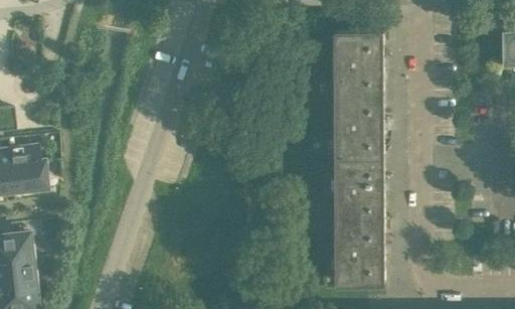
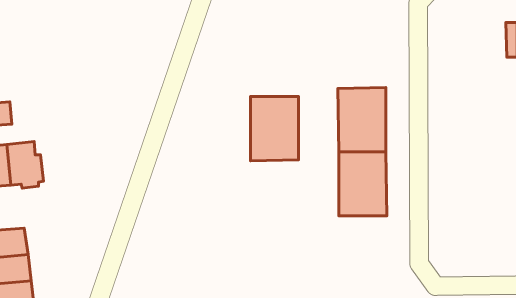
building: [335,29,382,93] -> [251,97,298,161]
building: [336,218,383,282] -> none

